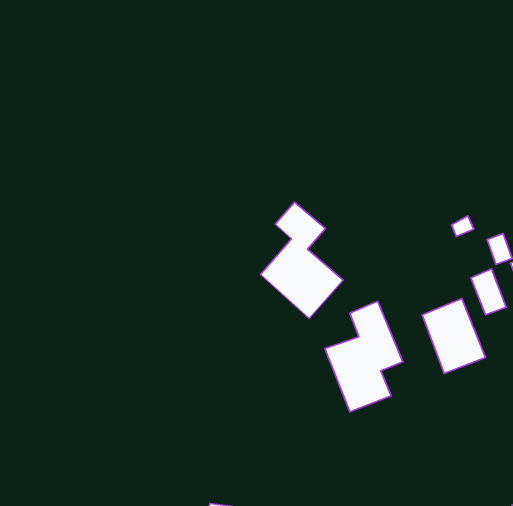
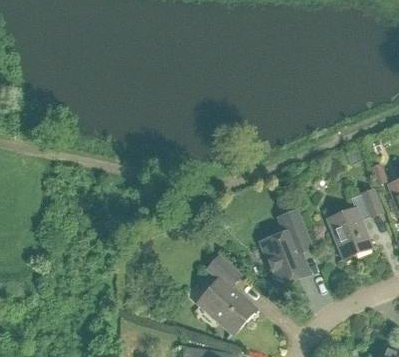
building: [260,202,343,319] -> [196,254,252,333]

